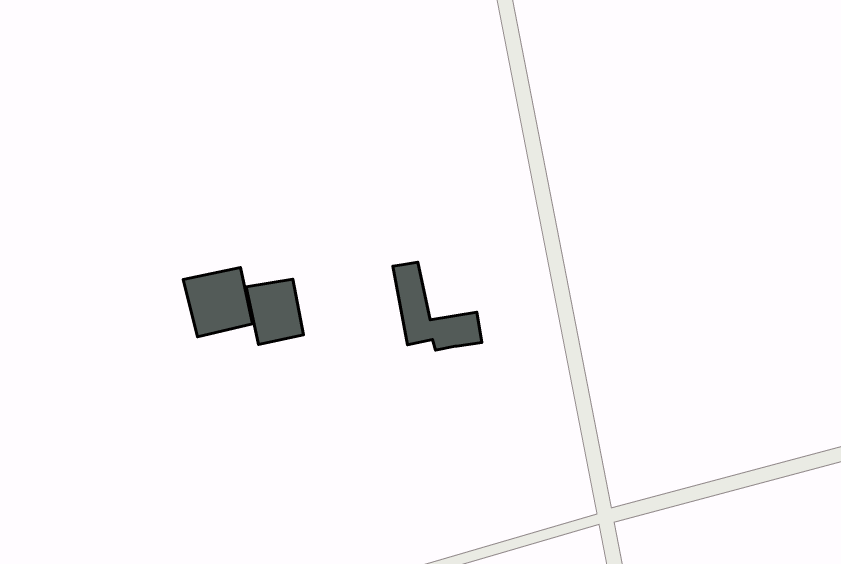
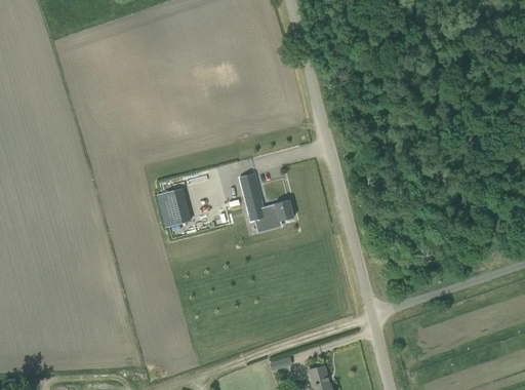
building: [183,267,252,337] -> none

